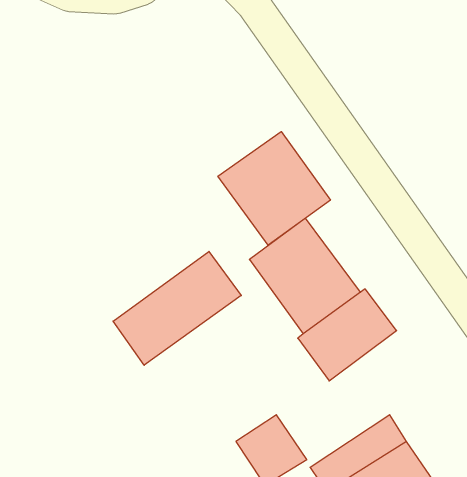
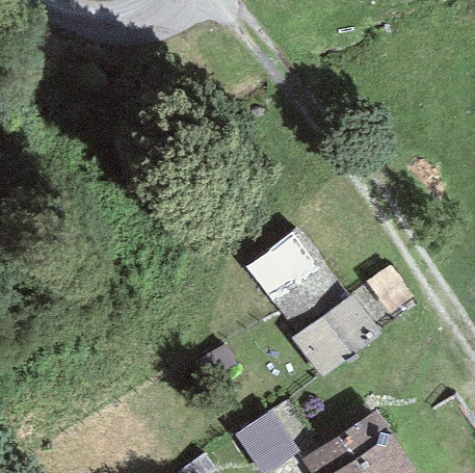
building: [218,132,330,245] -> none
building: [113,251,241,365] -> none

